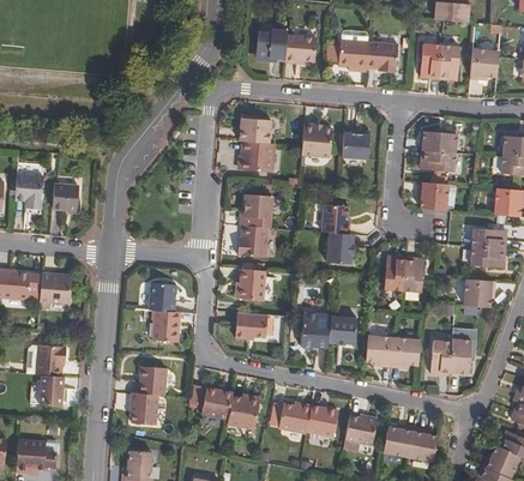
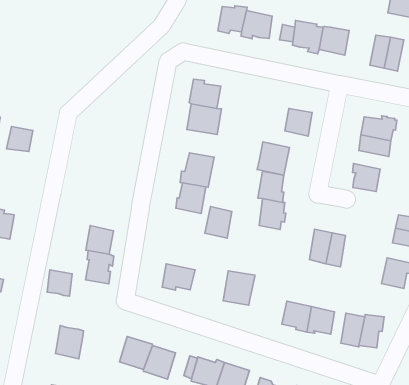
building: [301,125,332,157] -> [257,142,290,175]
building: [239,267,264,299] -> [205,207,232,238]
building: [329,313,356,341] -> none
building: [140,368,164,393] -> [47,270,72,296]

